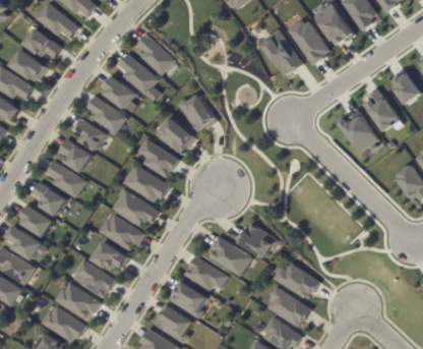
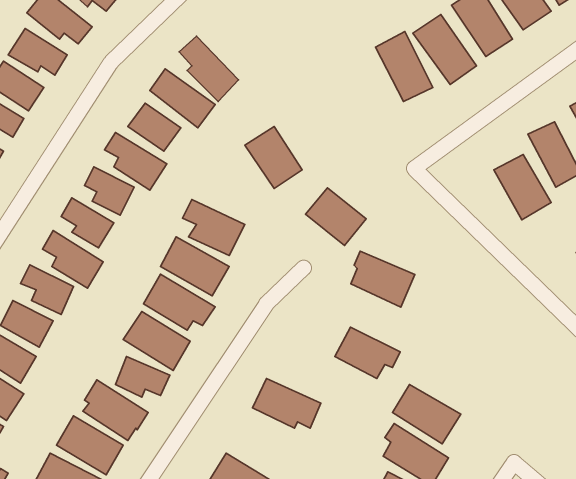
building: [156,116,195,154] -> [306,188,366,245]
building: [209,238,251,275] -> [351,251,415,307]
building: [170,279,208,316] -> none

